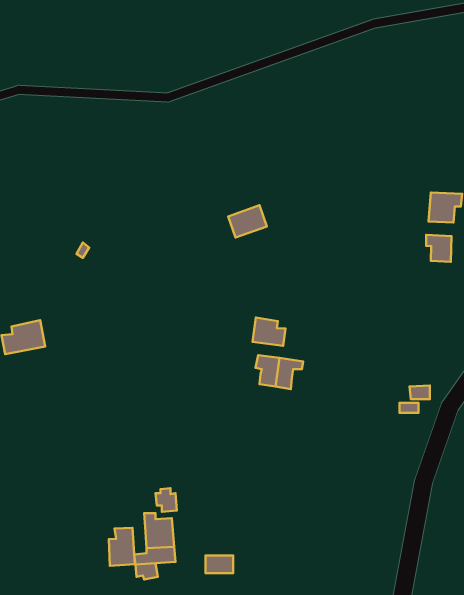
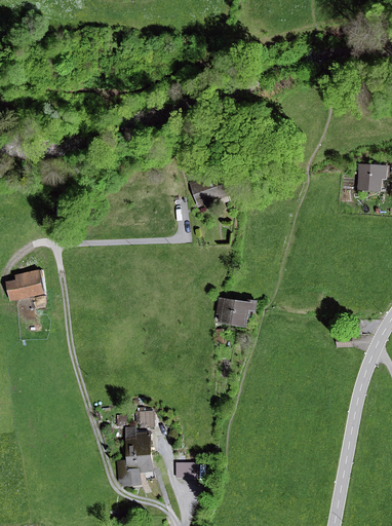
building: [426,235,451,262] -> none
building: [253,318,285,346] -> none
building: [109,528,135,566] -> none

